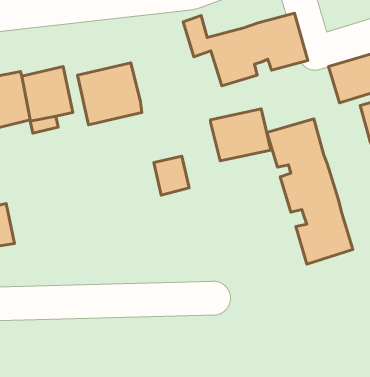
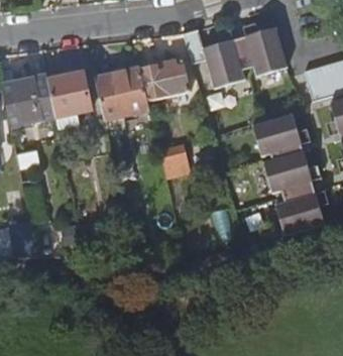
building: [210,109,271,161] -> [139,56,190,100]

